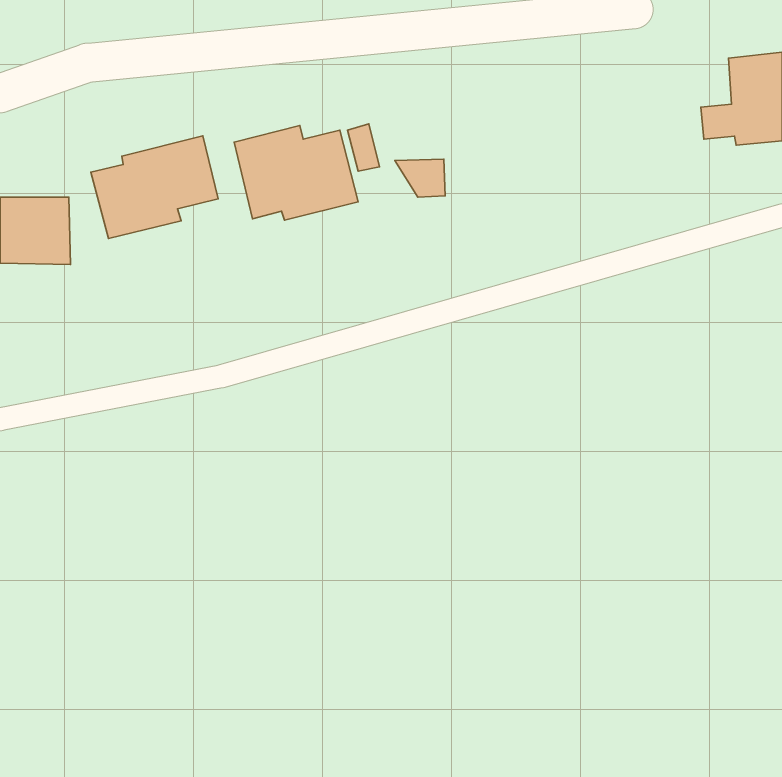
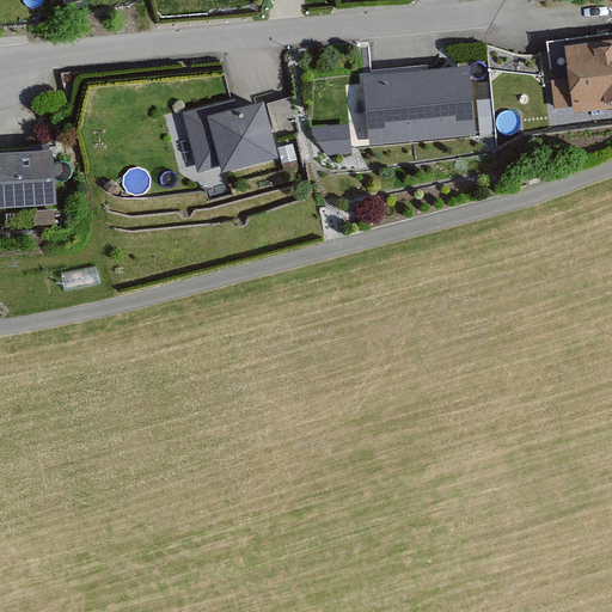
building: none -> [363,68,472,142]
building: [91,136,218,239] -> none

